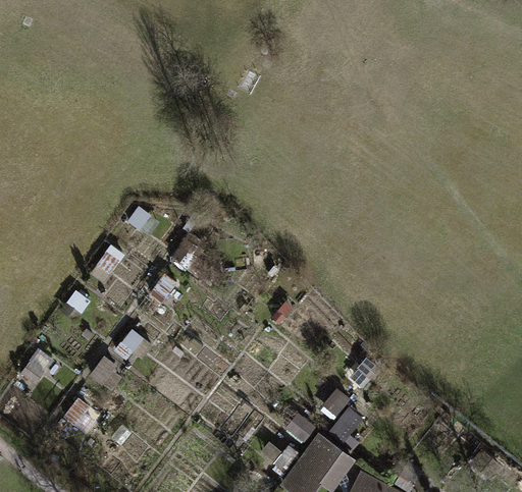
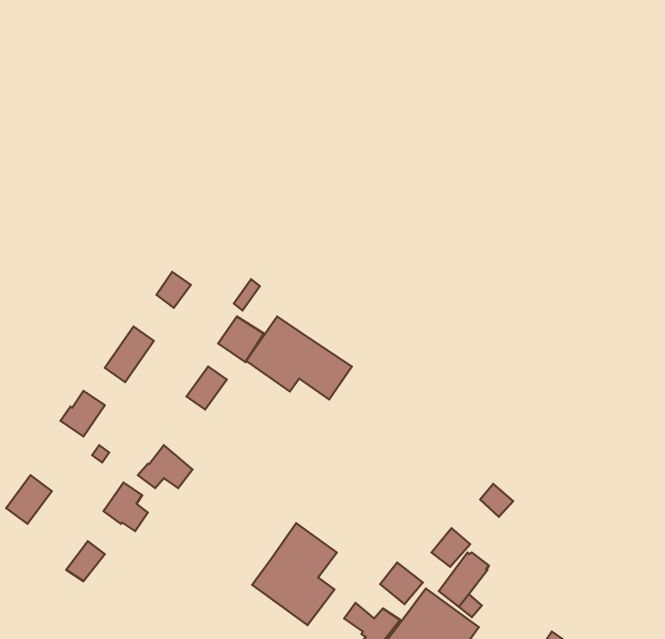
building: none -> [246,316,352,399]
building: none -> [252,523,337,625]

